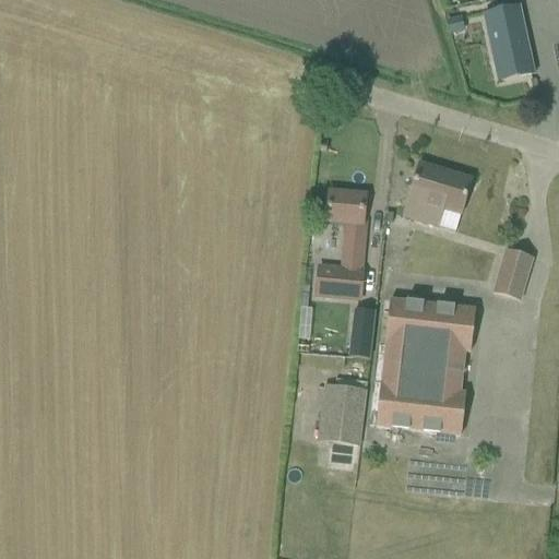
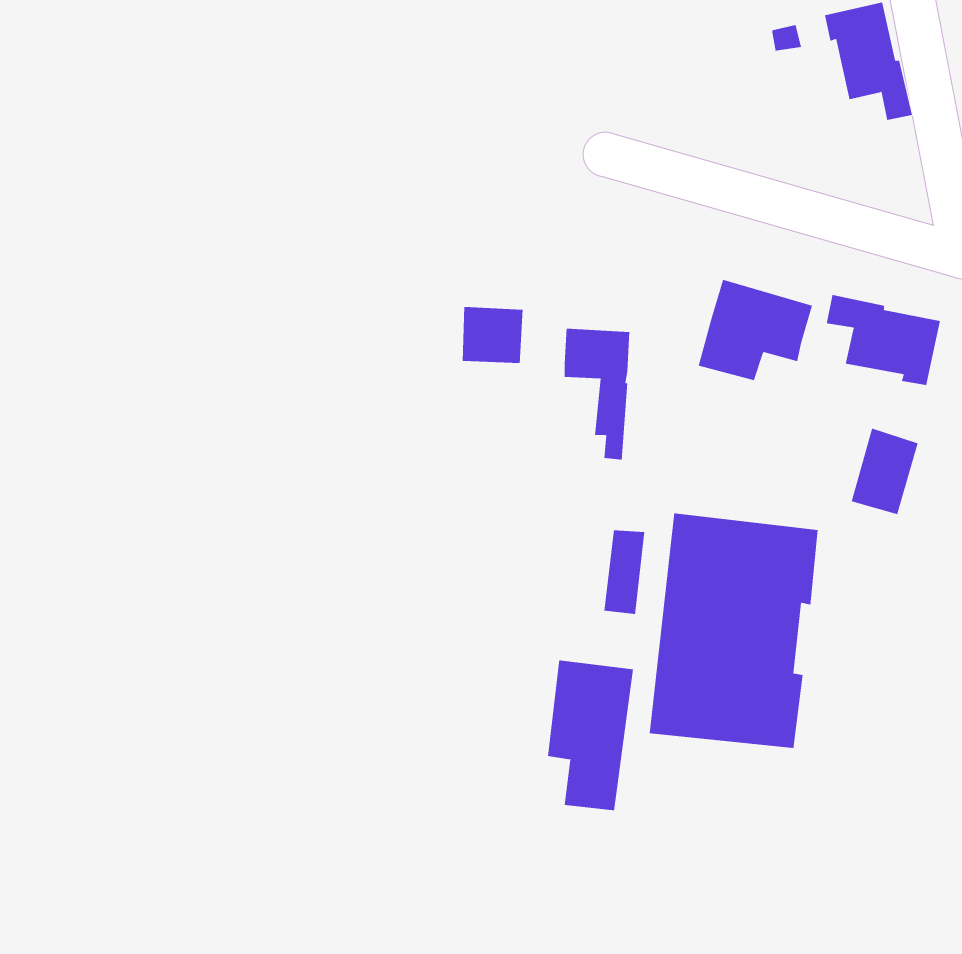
building: none -> [826,294,941,386]
building: none -> [462,306,523,364]
building: [316,263,364,295] -> none

